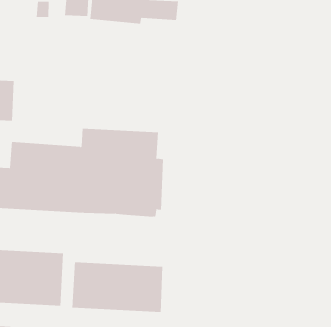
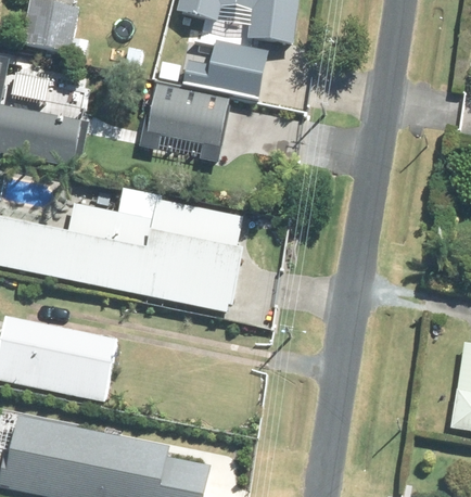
building: none -> [141,91,232,170]
building: [72,262,163,313] -> none

